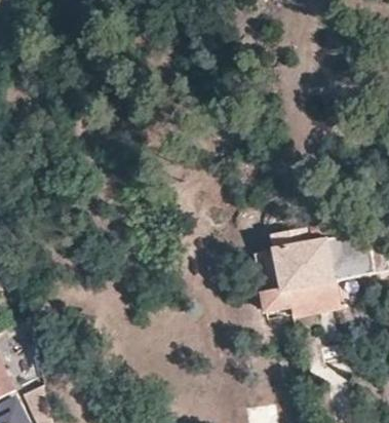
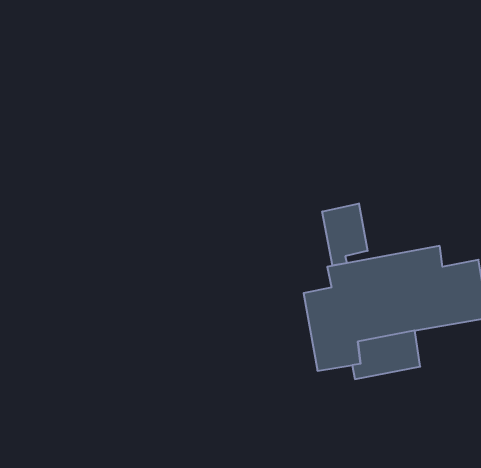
building: none -> [322,203,368,266]

